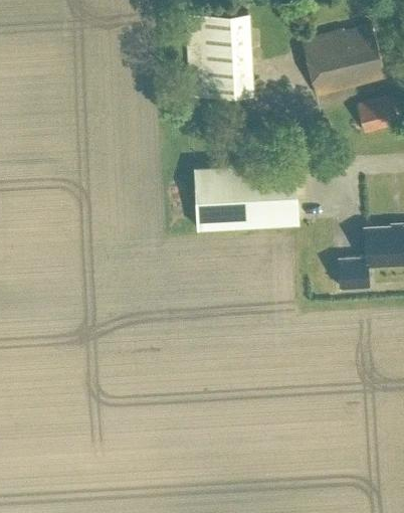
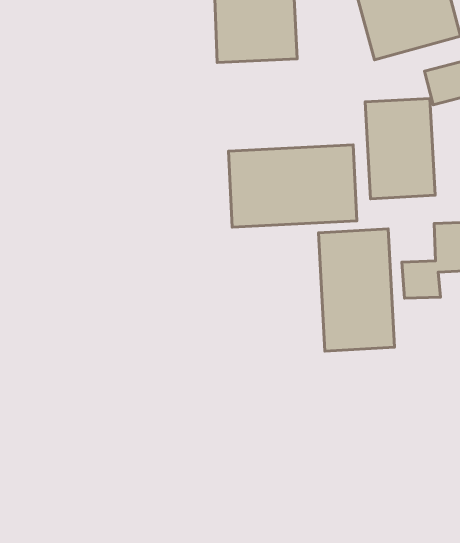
building: none -> [365,98,435,199]
building: none -> [318,229,395,351]

